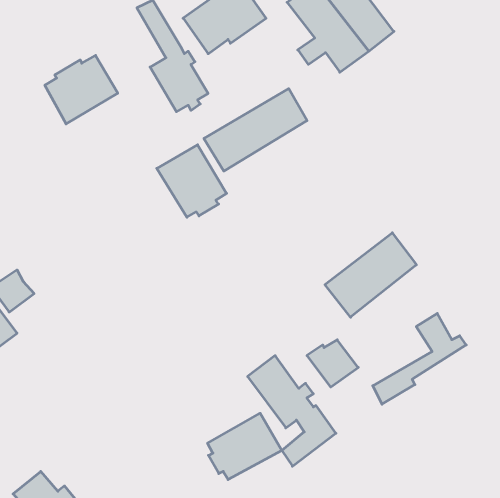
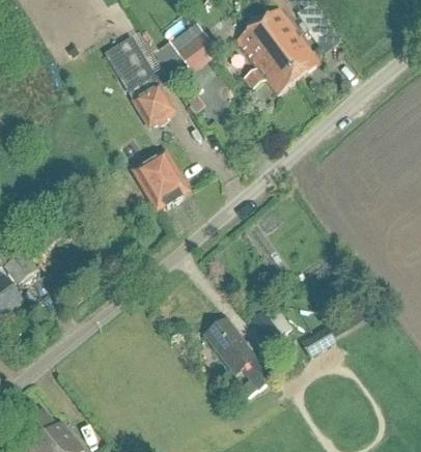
building: [45,55,118,124] -> none
building: [204,89,307,171] -> none
building: [325,233,416,317] -> none
building: [208,413,282,480] -> none

